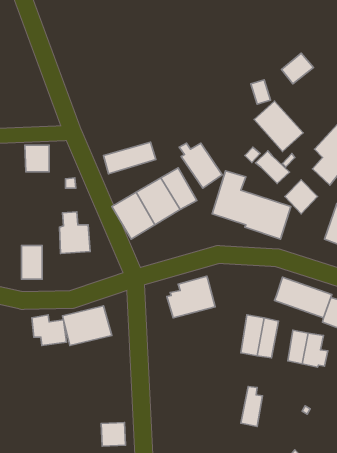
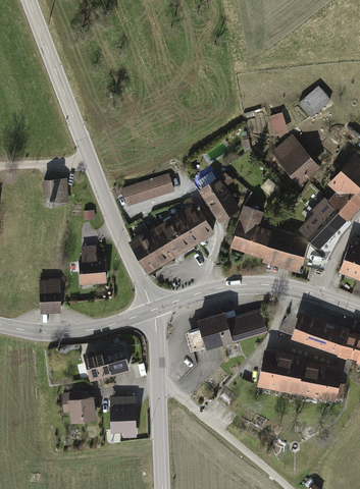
building: [256,151,289,183] -> [313,198,347,230]
building: none -> [225,311,266,340]
building: [32,315,67,345] -> [60,390,95,421]
building: [241,387,262,426] -> [289,355,310,394]
building: [101,423,126,446] -> [111,406,136,430]

